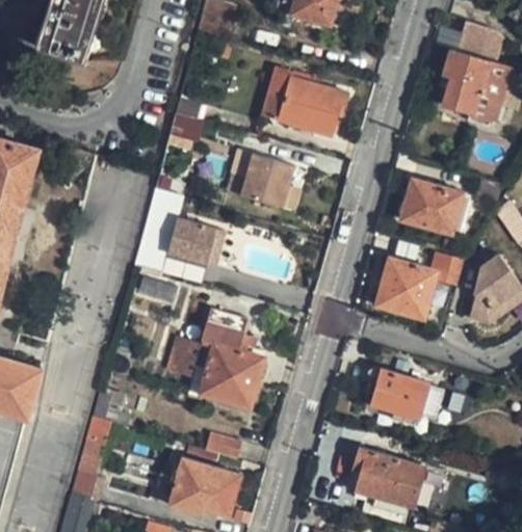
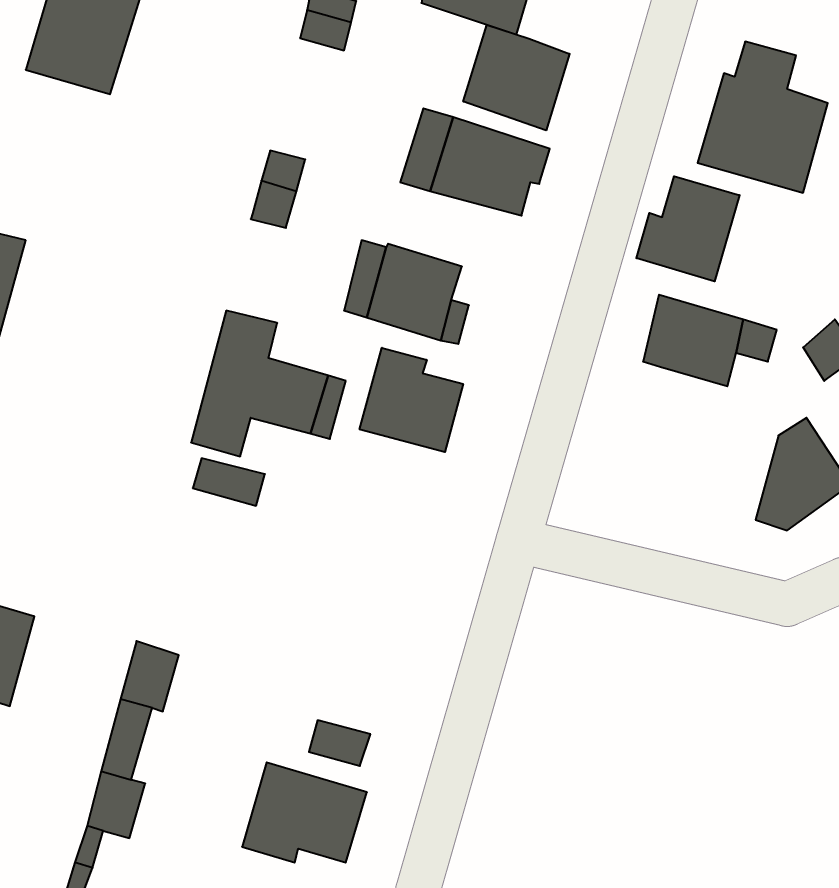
building: none -> [463,25,570,130]
building: none -> [636,176,740,281]
building: none -> [360,348,463,452]
building: [377,255,463,317] -> none
building: [166,308,266,407] -> none
building: [371,370,445,422] -> none
building: [351,452,424,511] -> none

